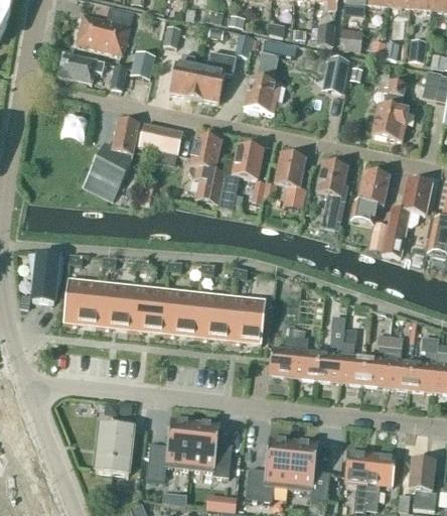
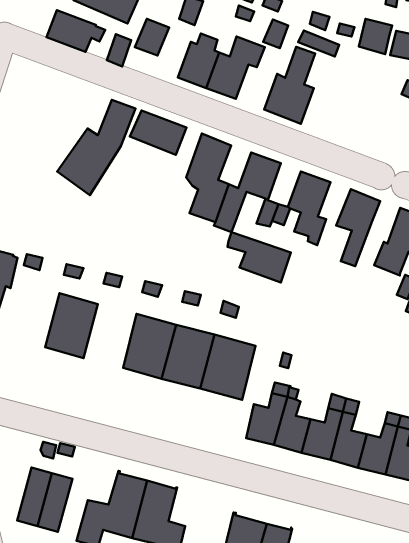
building: [321,54,350,93] -> none
building: none -> [228,232,291,282]
building: [62,277,101,326] -> none
building: [128,284,165,333] -> none

